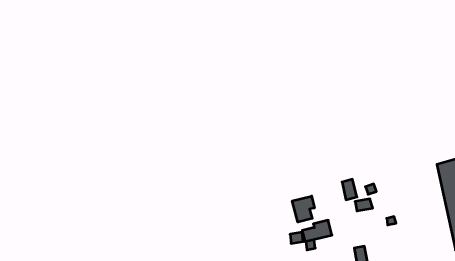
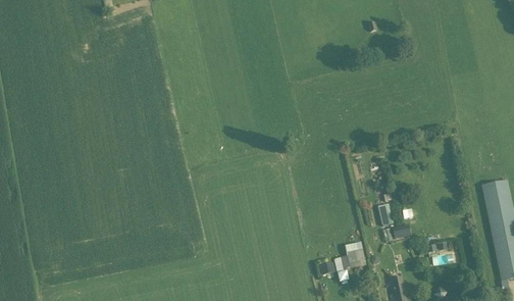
building: [292,196,314,222] -> none

